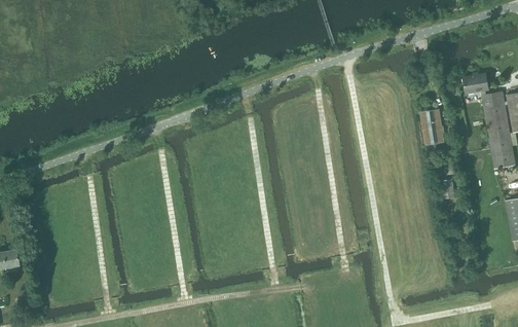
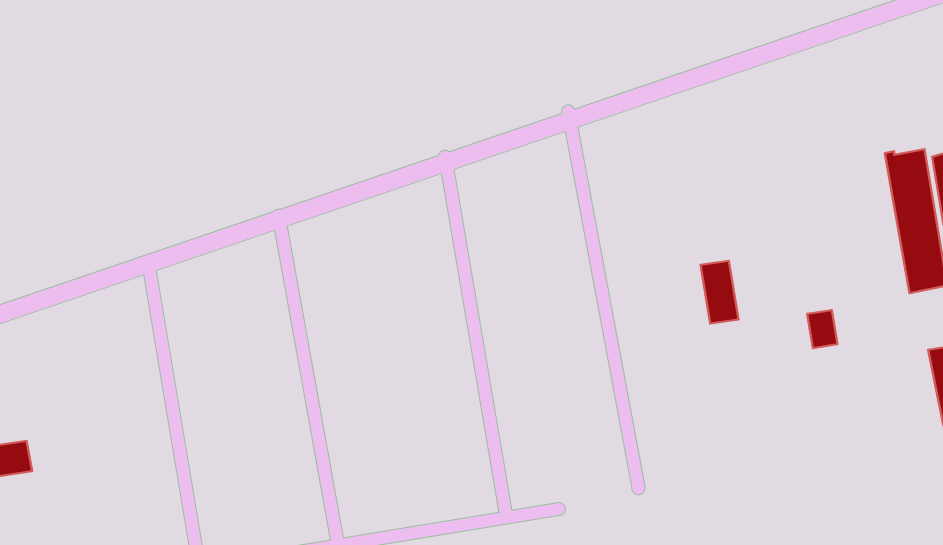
building: [462,72,488,94] -> none
building: [422,110,443,144] -> [701,261,738,323]

